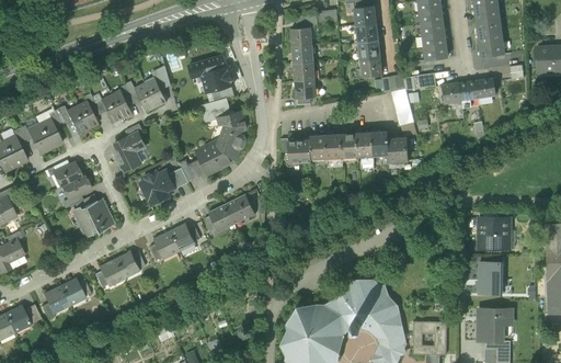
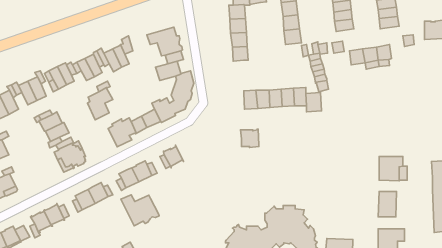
building: [288,139,311,162] -> [241,129,259,147]
building: [225,194,255,225] -> none
building: none -> [121,195,159,226]

